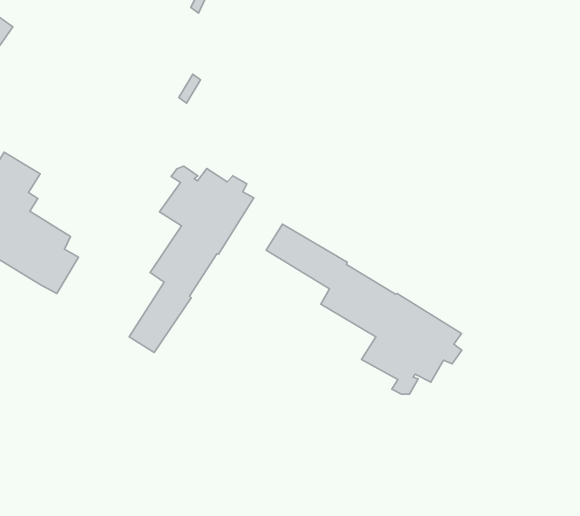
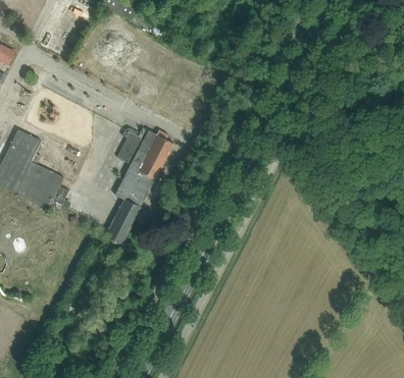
building: [266,224,462,394] -> none

